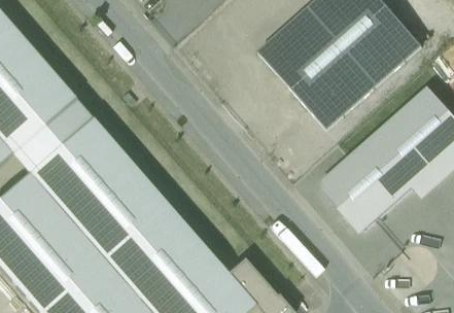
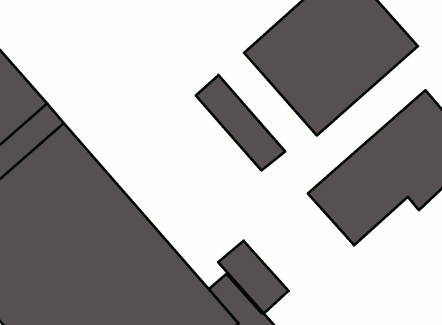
building: none -> [196,75,285,170]
building: none -> [218,241,289,313]

